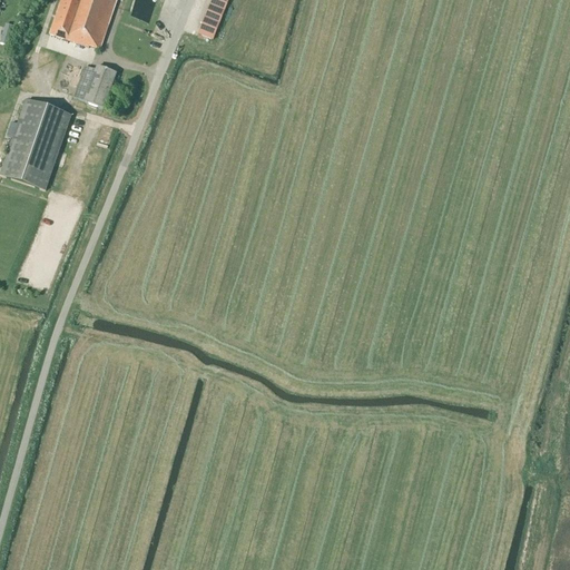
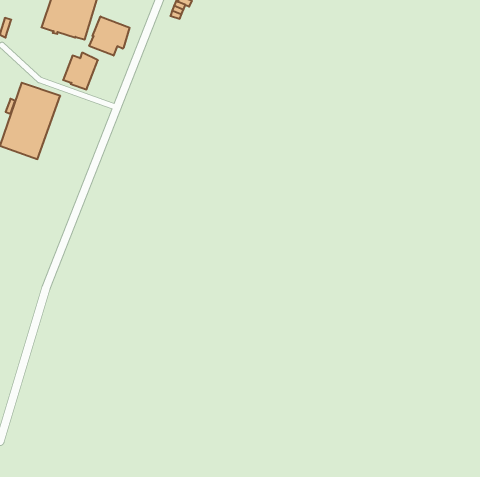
building: none -> [89,16,130,56]

